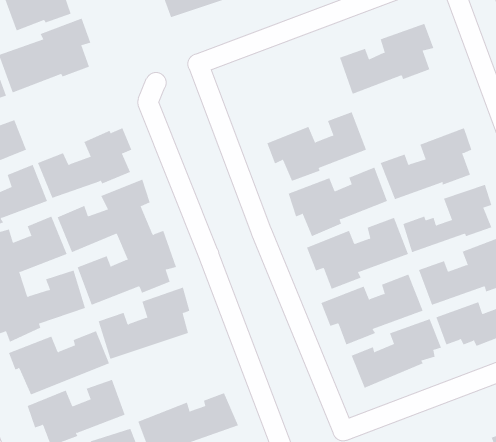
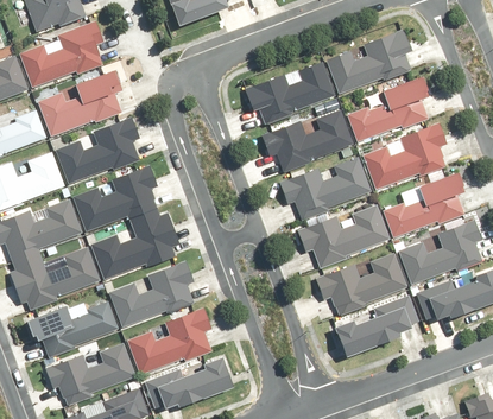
building: none -> [244,59,335,122]
building: none -> [346,74,430,140]
building: none -> [38,75,124,139]
building: none -> [127,310,211,375]

